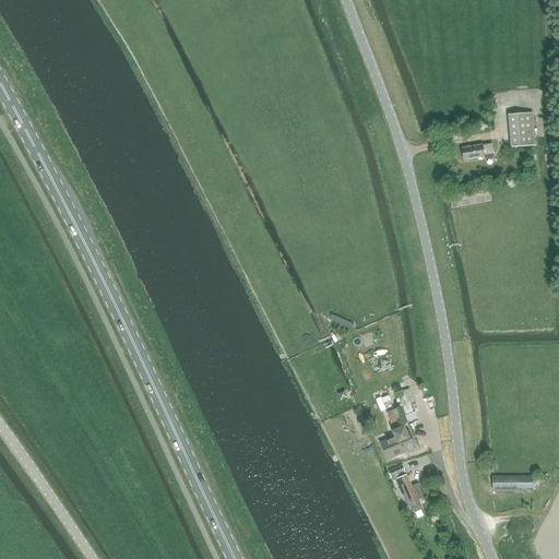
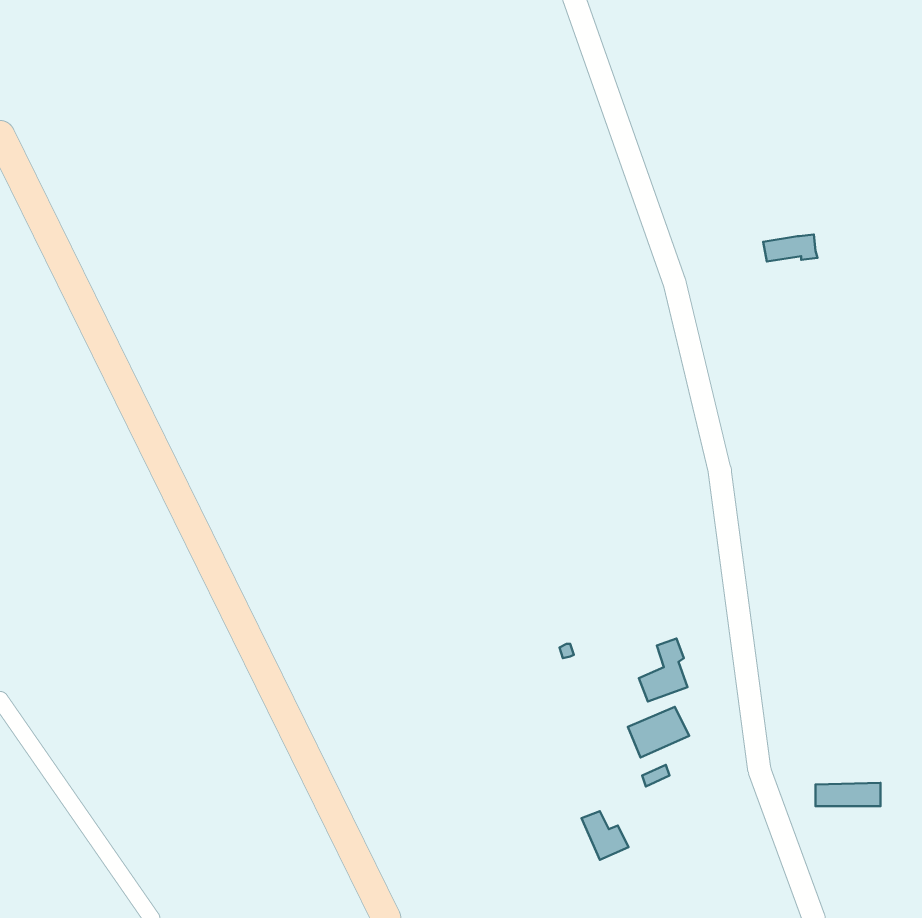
building: [508,110,535,146] -> none
building: [395,473,424,502] -> [582,811,629,860]

